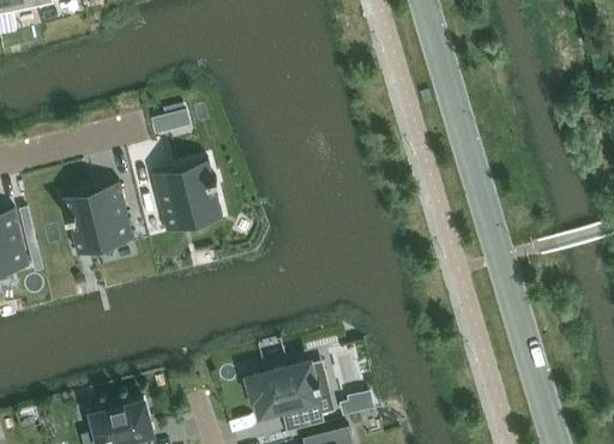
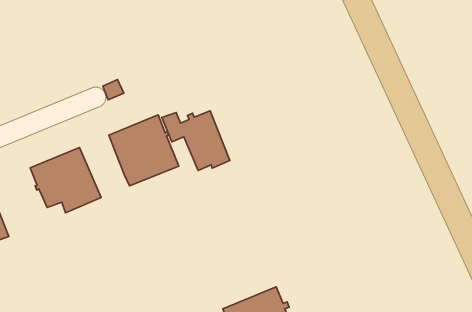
building: none -> [162,111,230,170]

